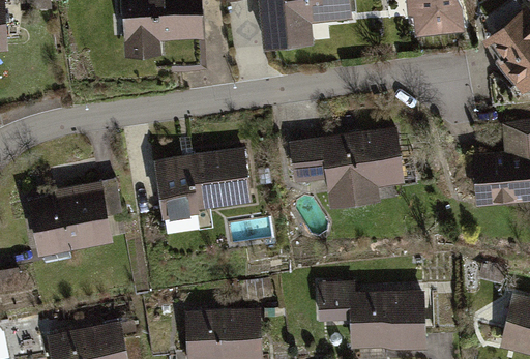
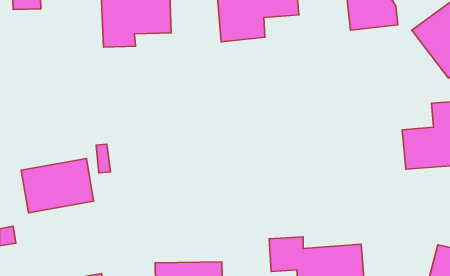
building: [287,126,407,205] -> none
building: [153,146,255,217] -> none

